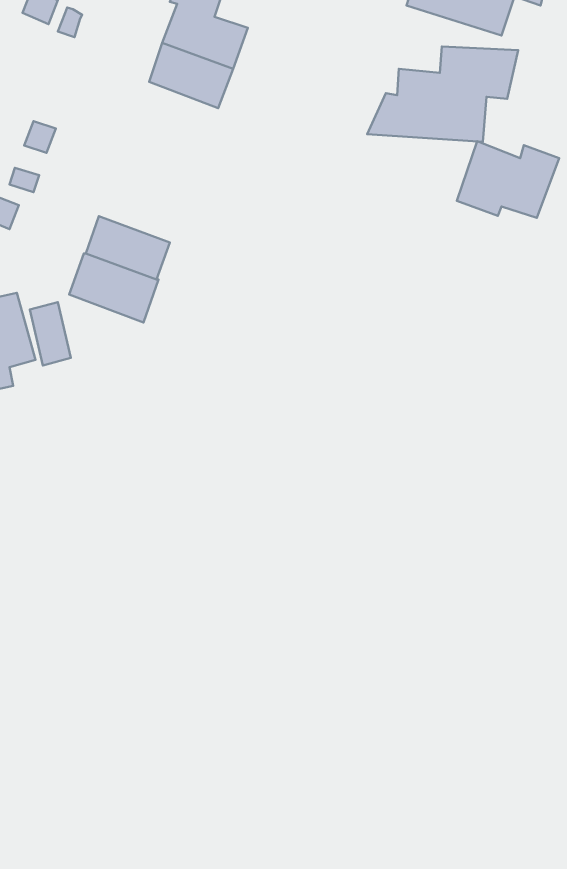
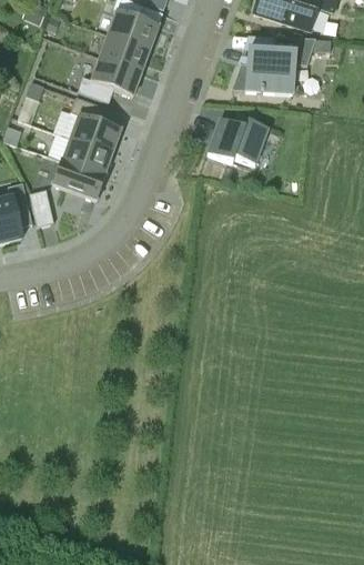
building: none -> [78,57,141,102]
building: [457,141,559,218] -> [208,117,269,162]
building: none -> [70,97,121,152]

